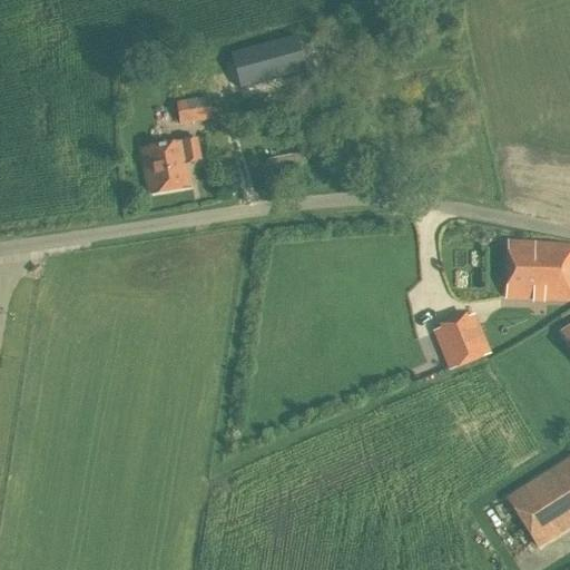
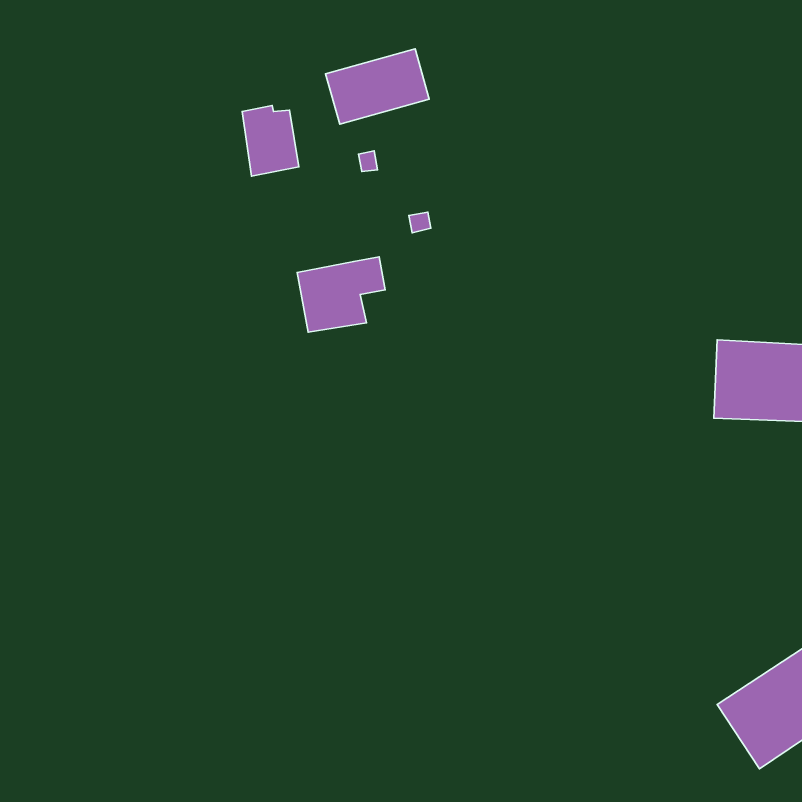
building: [141,137,204,190] -> [297,257,385,332]
building: [435,314,490,368] -> none

